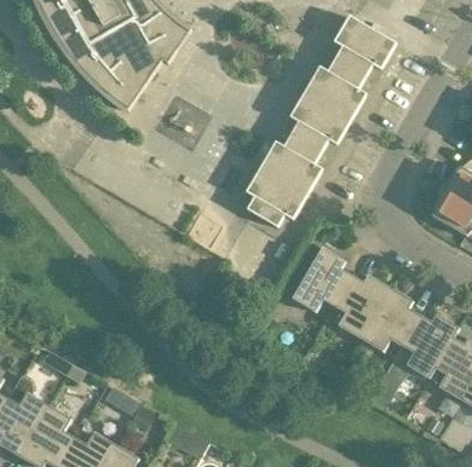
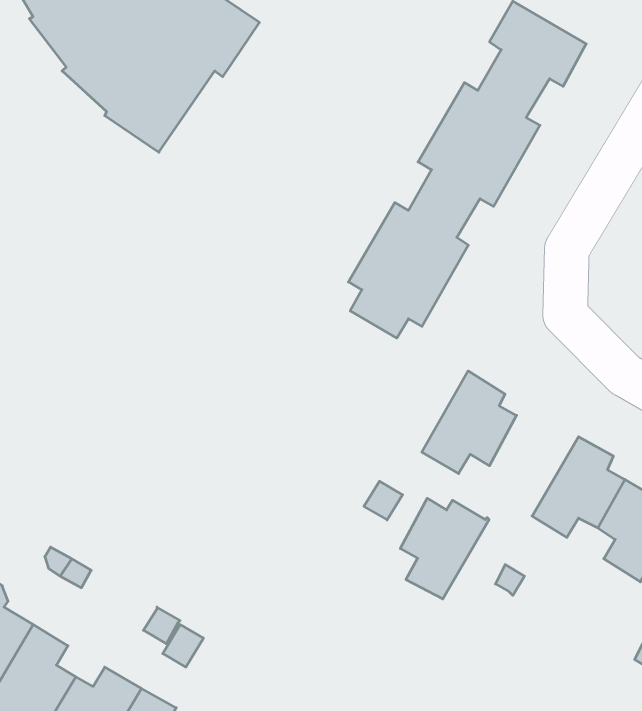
building: [334,275,390,338] -> [400,498,489,599]

